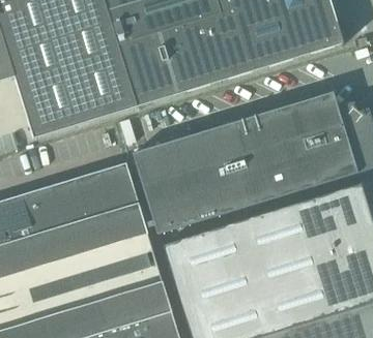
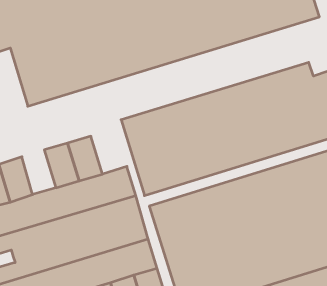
building: [102,161,140,210] -> none
building: [28,184,64,232] -> none

